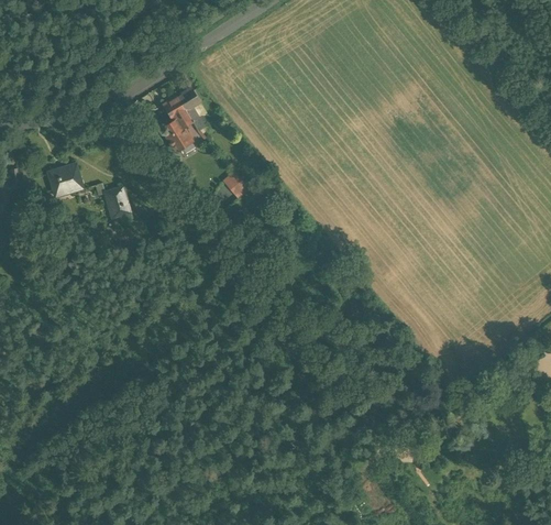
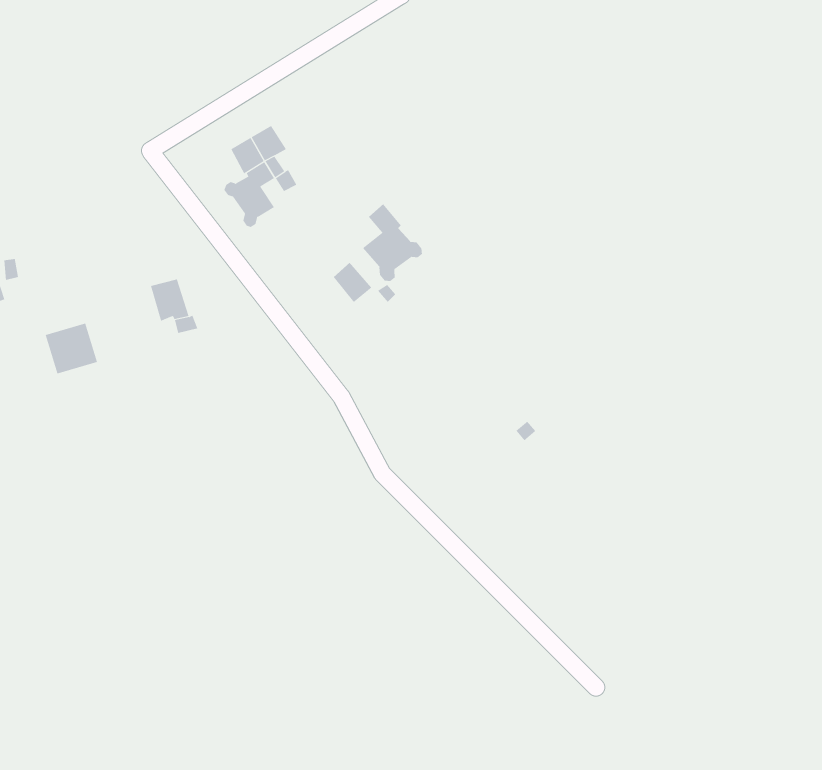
building: none -> [362,204,423,282]
building: [51,167,85,200] -> [45,323,98,374]

